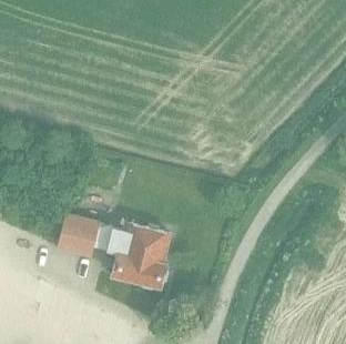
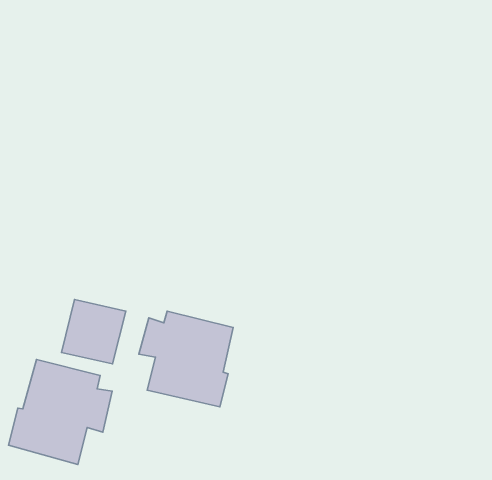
building: none -> [9,360,112,464]

